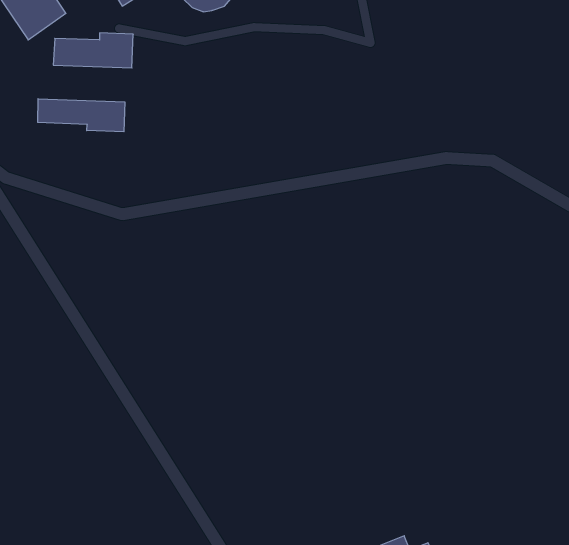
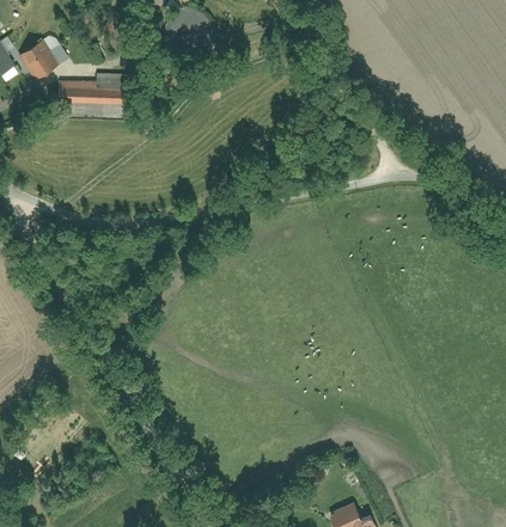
building: [38,99,125,132] -> none

